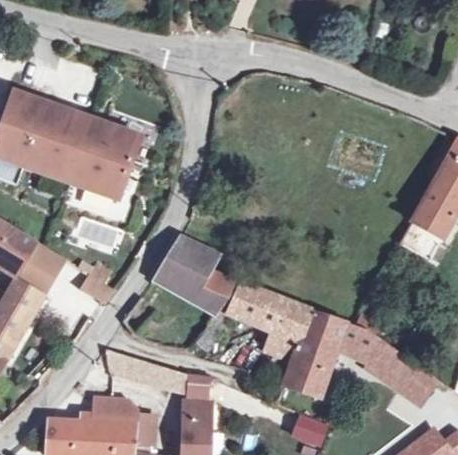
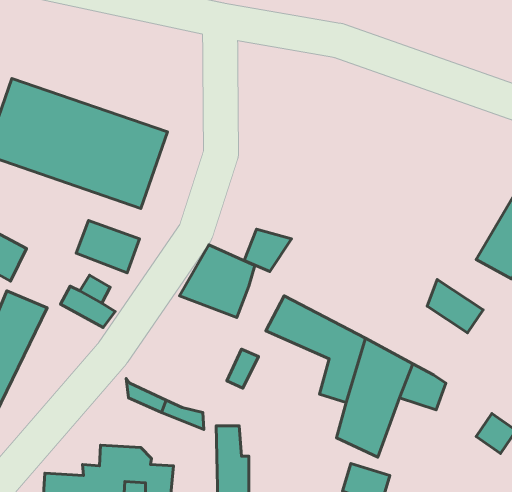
building: [13,235,61,284] -> none
building: [202,266,241,301] -> [244,229,292,272]
building: [366,346,412,390] -> [427,279,483,333]

